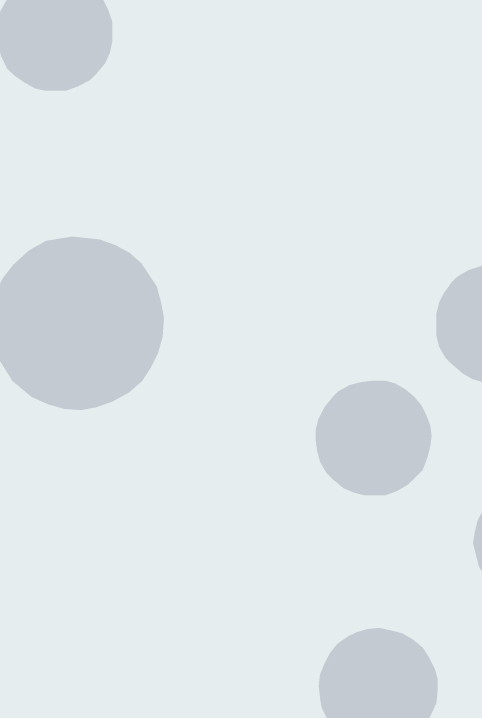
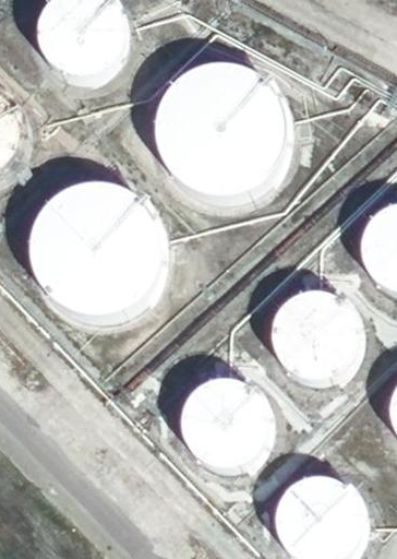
building: none -> [155,63,285,193]
building: none -> [180,376,269,465]

